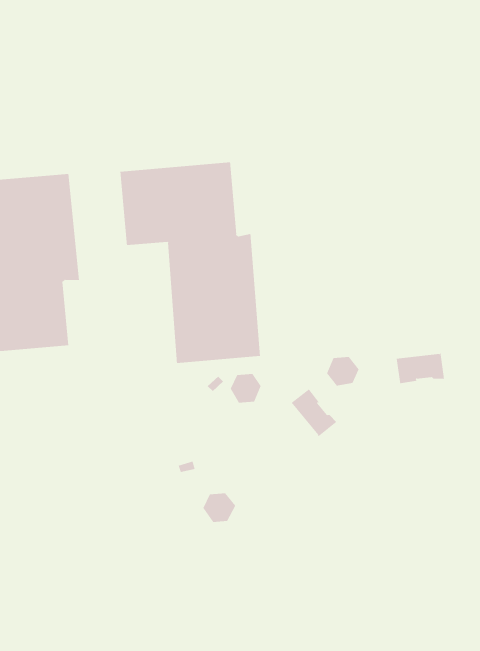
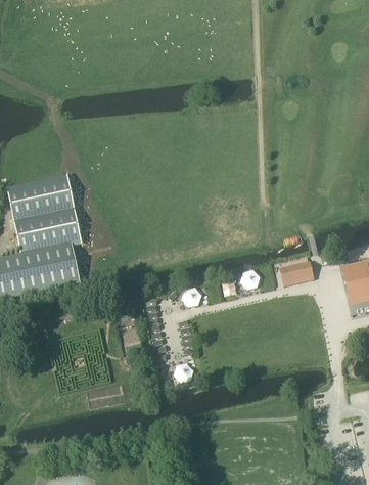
building: [120,162,260,364] -> none
building: [291,388,337,437] -> none

